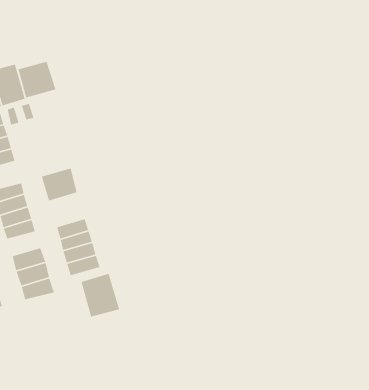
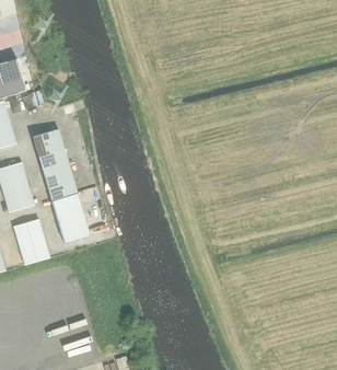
building: [17,61,56,98] -> none
building: none -> [32,129,65,158]
building: none -> [45,172,77,200]
building: [80,273,120,317] -> none

